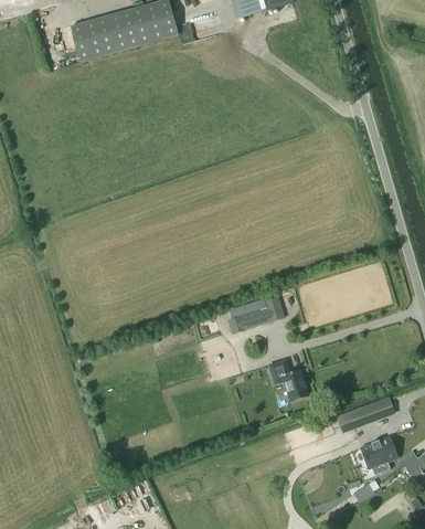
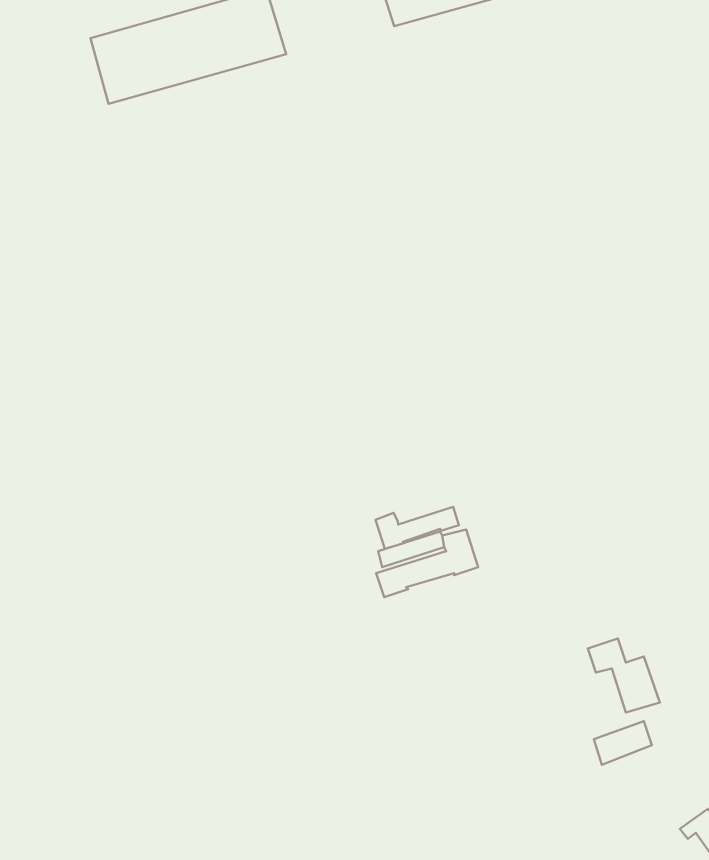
building: none -> [375,507,459,549]
building: [269,359,309,400] -> [588,638,660,712]
building: [362,436,396,474] -> none

